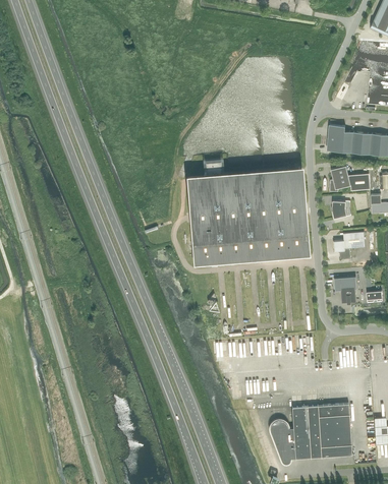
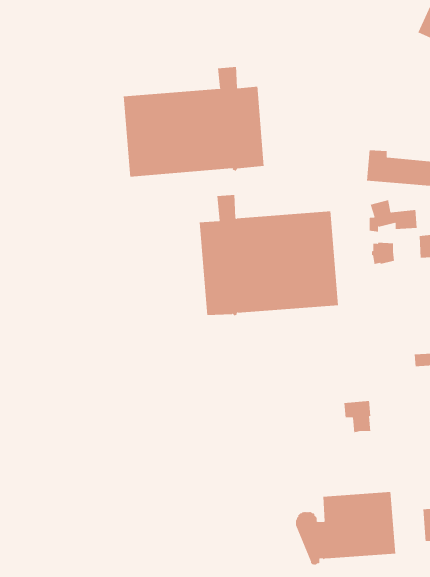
building: none -> [123,66,264,177]
building: [334,232,366,259] -> none
building: [334,277,356,303] -> [344,400,371,433]

